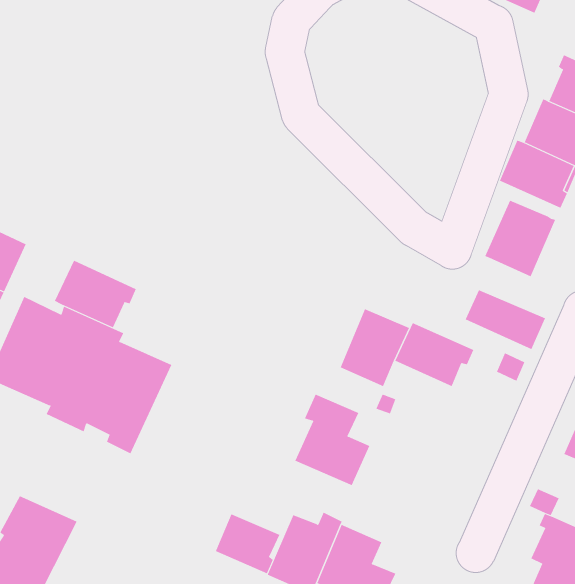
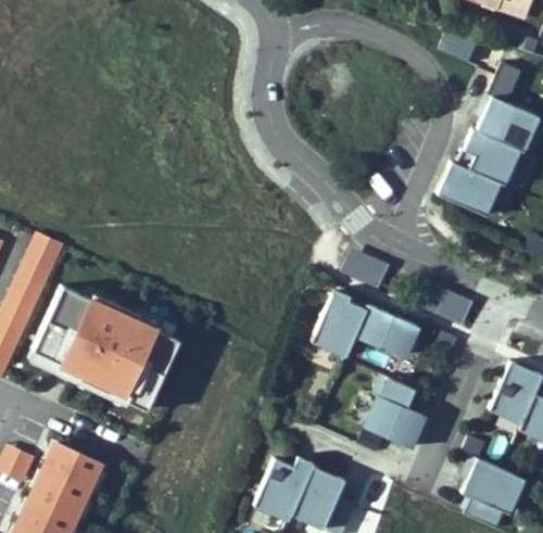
building: [484,200,556,277] -> none
building: none -> [340,249,390,290]
building: [54,260,137,328] -> none
building: [295,394,370,486] -> [365,375,425,447]
building: [215,513,280,574] -> none

